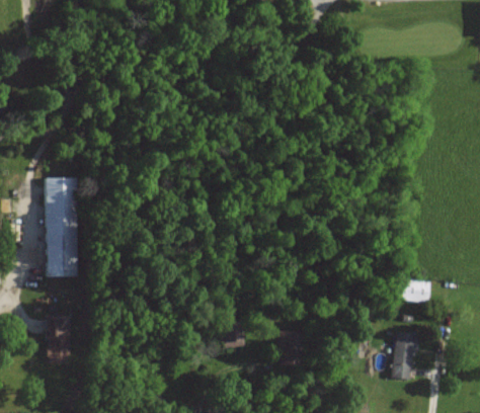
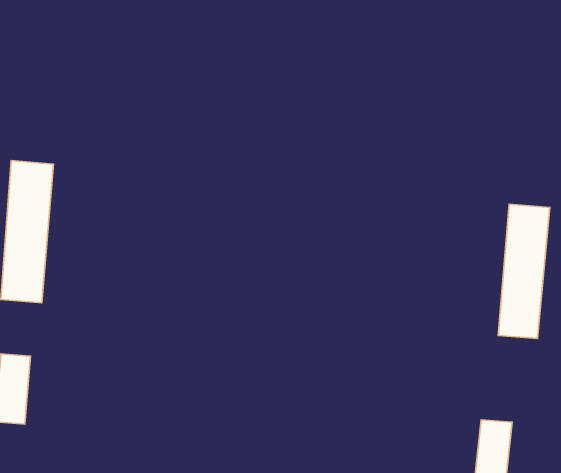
building: none -> [498,204,550,339]
building: [402,281,429,303] -> none

